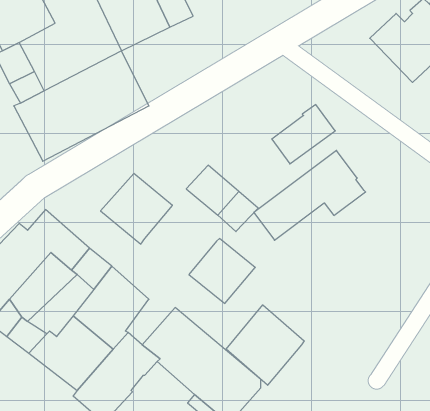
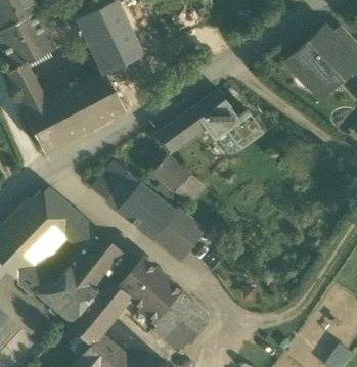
building: [254,150,366,240] -> [155,88,238,154]
building: none -> [121,185,174,236]
building: [226,305,304,385] -> none

